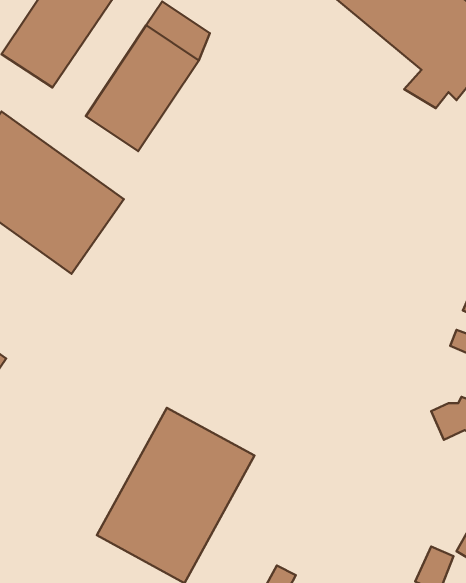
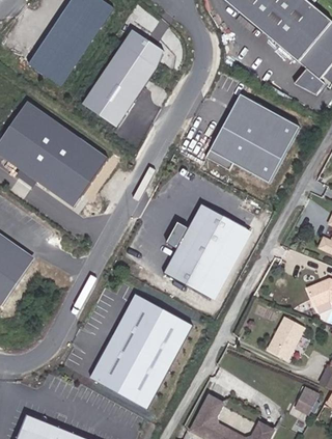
building: none -> [204,92,299,181]
building: none -> [165,201,250,296]
building: none -> [271,319,309,362]

